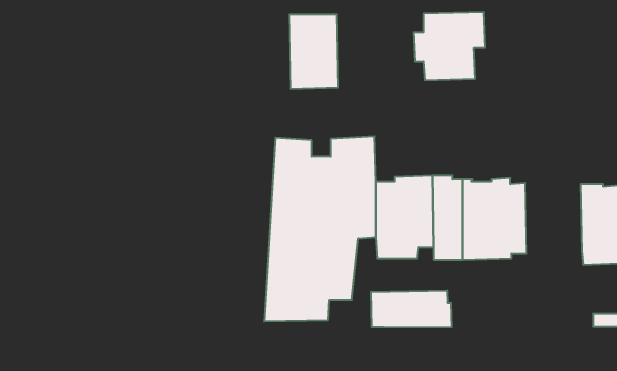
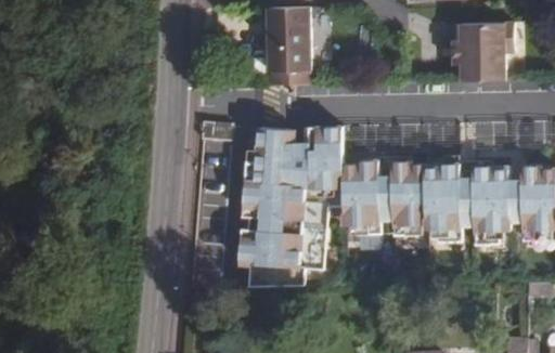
building: [414,12,485,80] -> [453,23,515,81]
building: none -> [470,166,519,236]
building: [371,290,451,327] -> none

